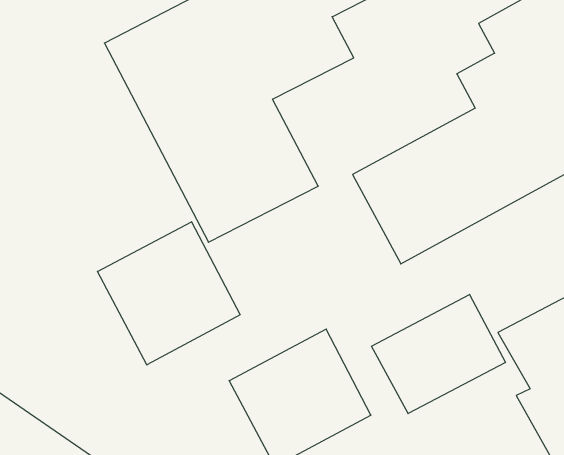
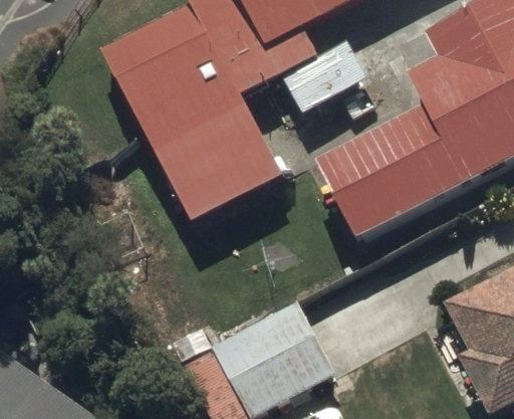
building: [97,222,240,365] -> none
building: [372,294,505,414] -> none

